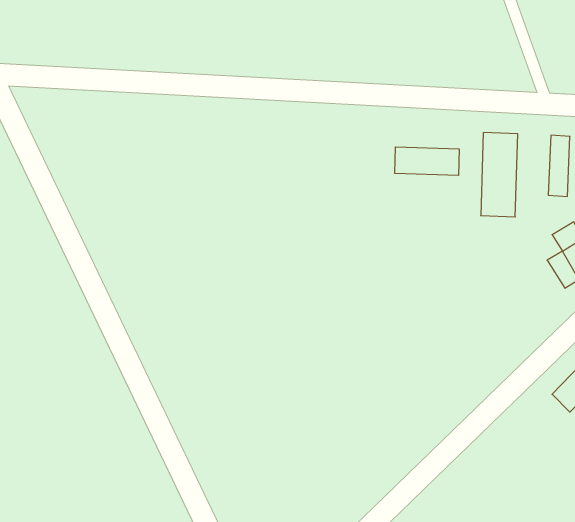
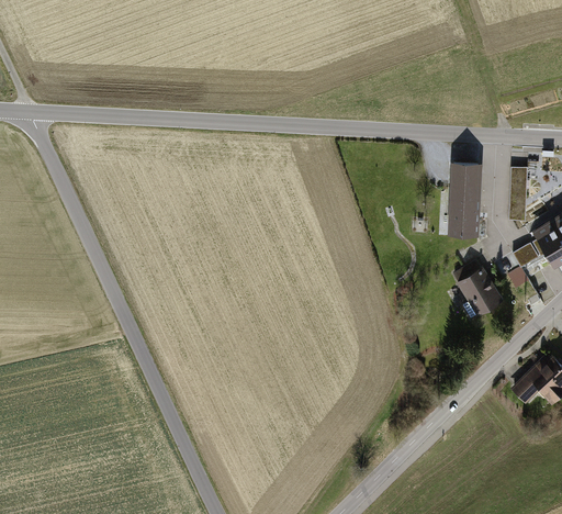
building: [395,147,459,175] -> none
building: none -> [454,261,499,313]

